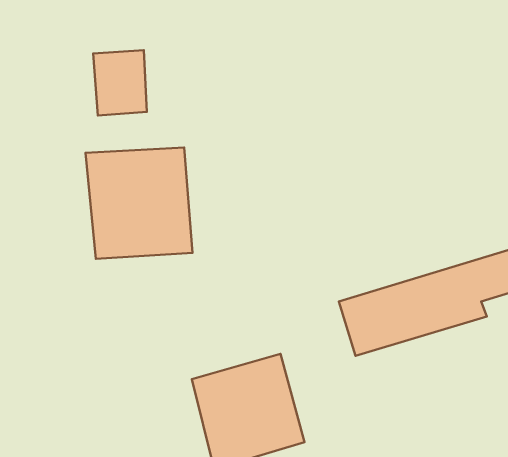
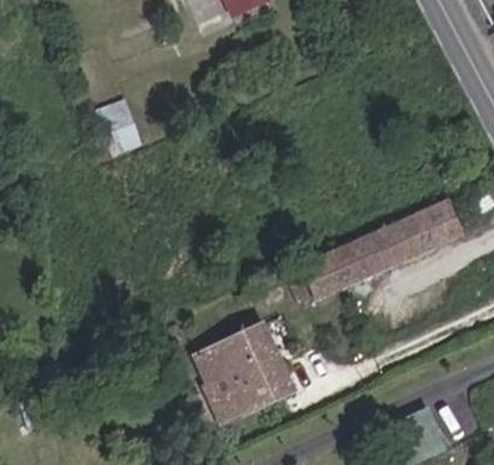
building: [85,147,192,259] -> none

